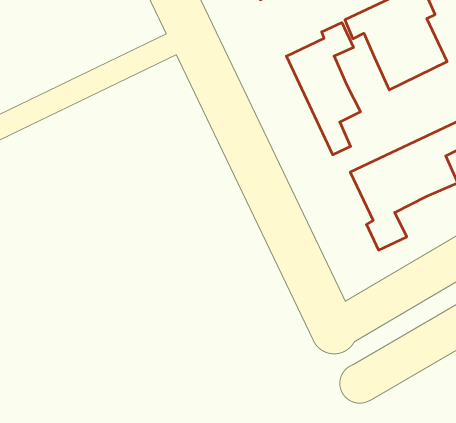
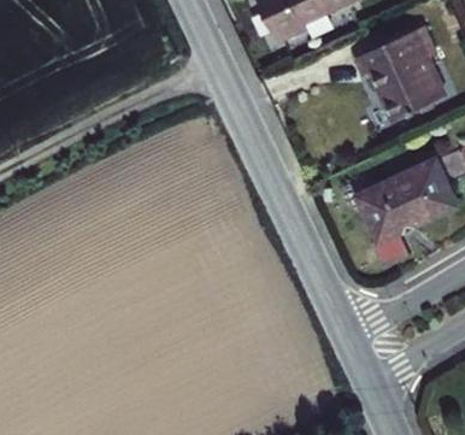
building: [286,23,360,155] -> none

